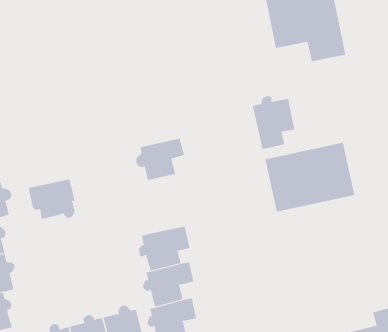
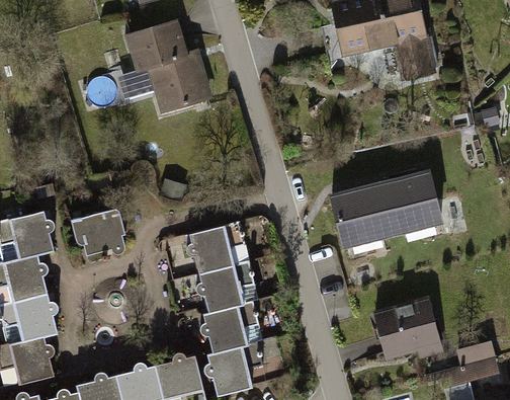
building: none -> [115,27,202,112]
building: [252,95,295,150] -> none
building: [135,138,185,181] -> [186,224,242,271]
building: none -> [375,304,438,369]

